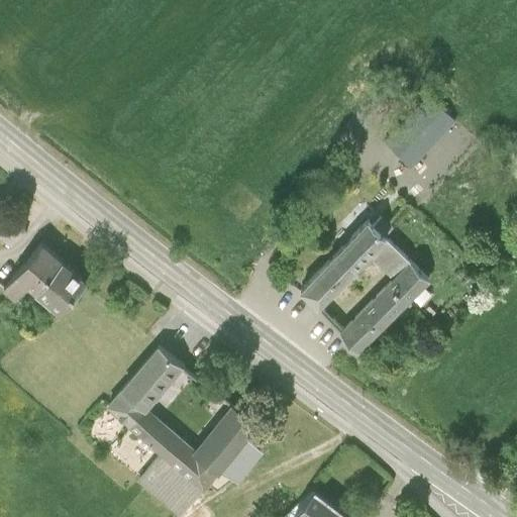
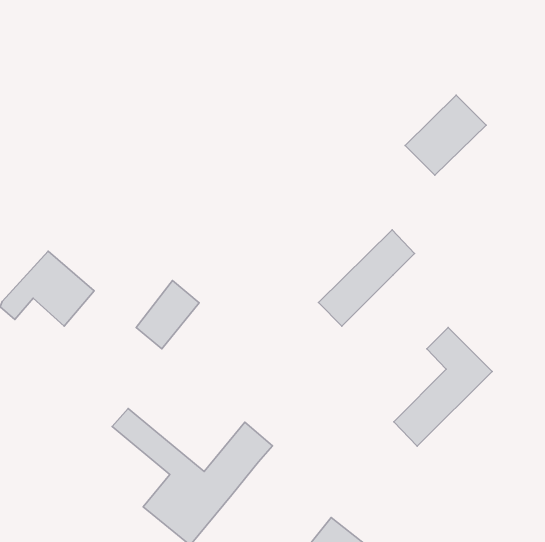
building: [340,243,433,355] -> [394,328,492,446]
building: [121,345,181,410] -> [136,280,199,349]
building: [219,440,262,485] -> none

